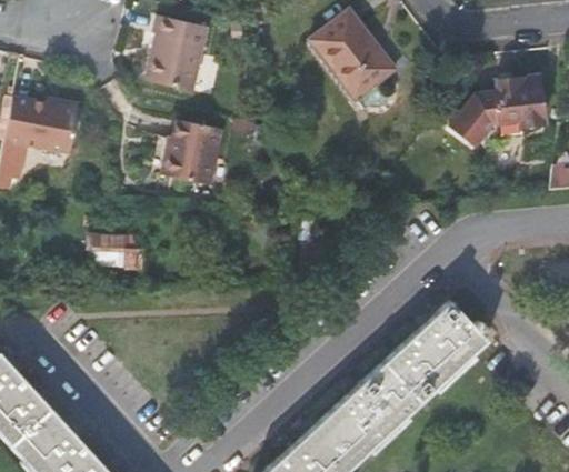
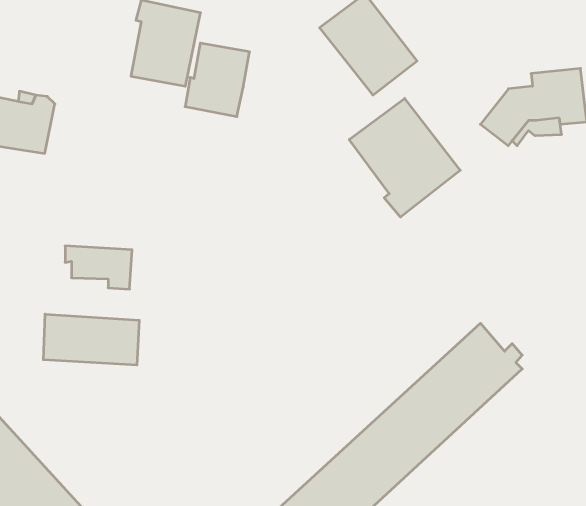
building: none -> [349,98,460,217]
building: [166,120,222,184] -> [185,43,250,117]
building: none -> [43,314,139,365]

